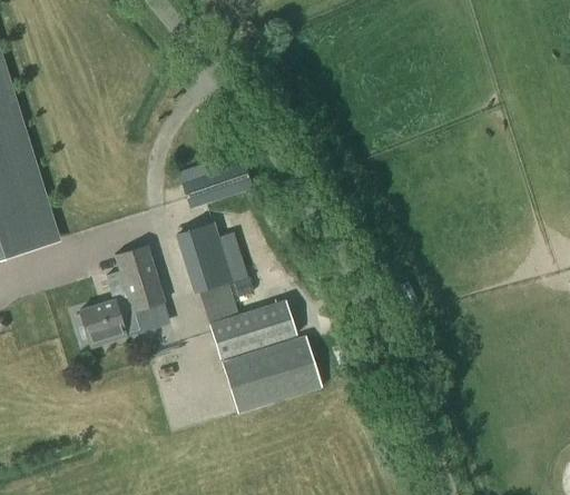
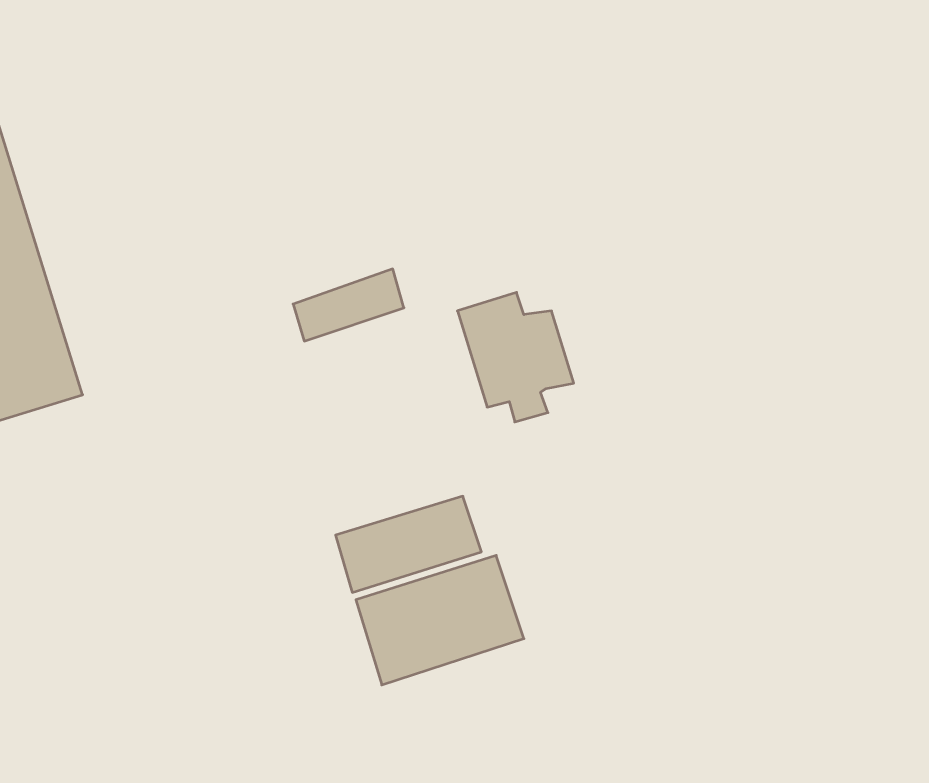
building: [177,222,247,300] -> [457,292,574,422]
building: [73,245,166,347] -> none

